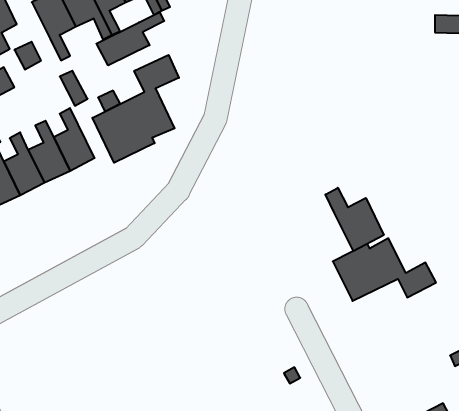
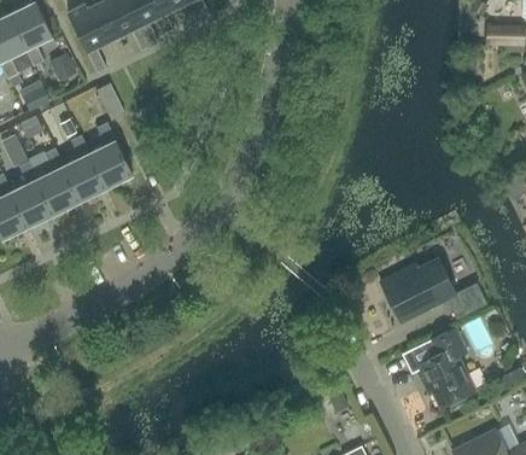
building: [96,12,164,65] -> none
building: [92,55,179,163] -> none
building: [325,188,384,251] -> none
building: none -> [403,327,475,408]

